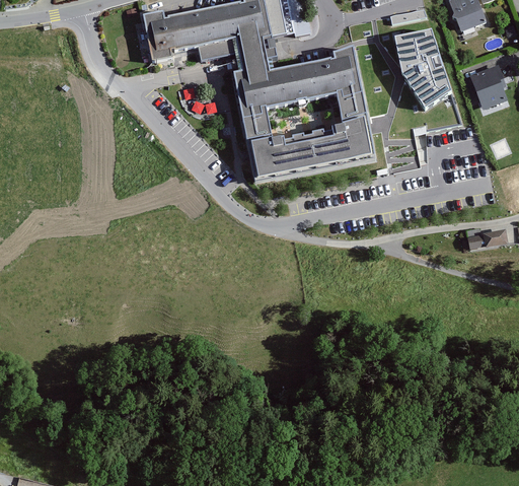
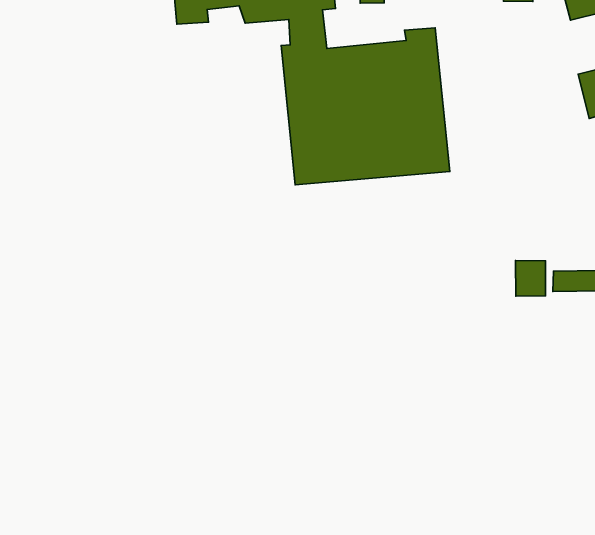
building: [396,25,457,108] -> none
building: none -> [515,260,546,296]

